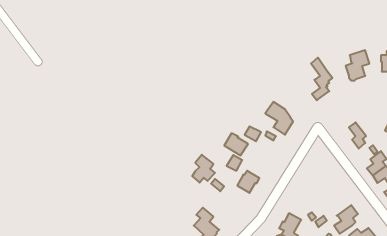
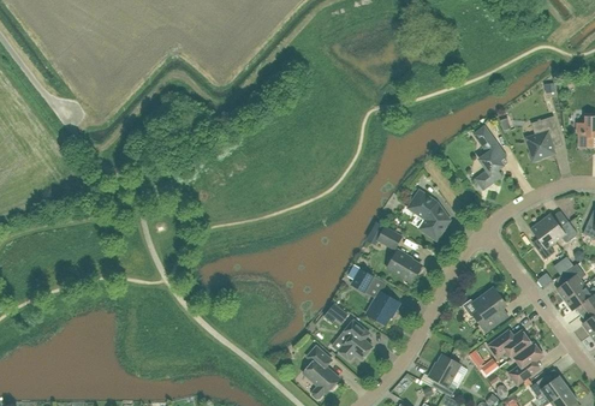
building: none -> [540,214,577,241]
building: [224,133,248,155] -> [387,250,422,282]
building: [192,155,215,183] -> [339,320,373,360]
building: none -> [472,287,507,332]
building: none -> [488,329,534,358]

